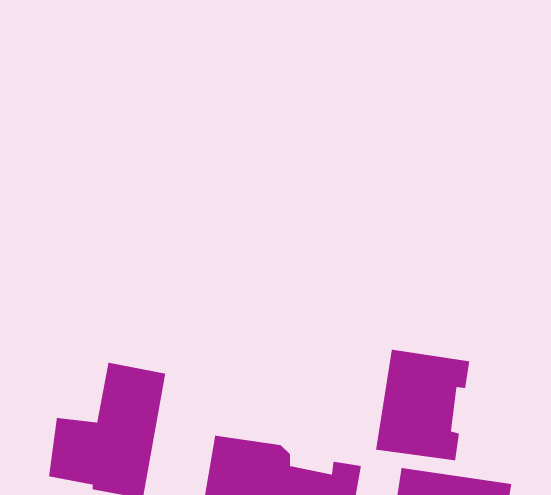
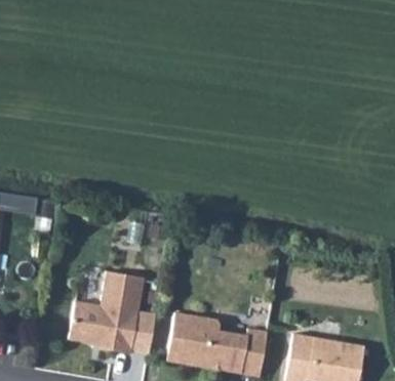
building: [375,349,470,461] -> none

